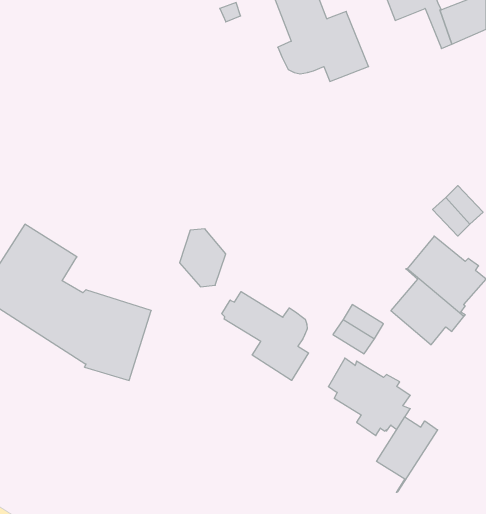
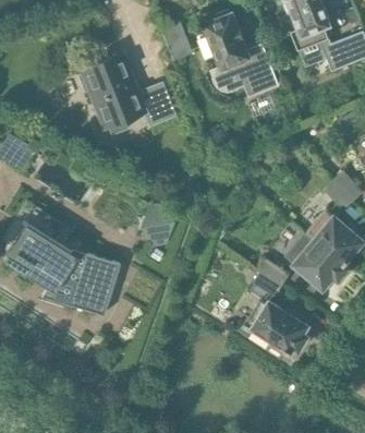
building: none -> [78,53,173,136]
building: [222,292,309,380] -> none
building: [377,417,438,492] -> none

